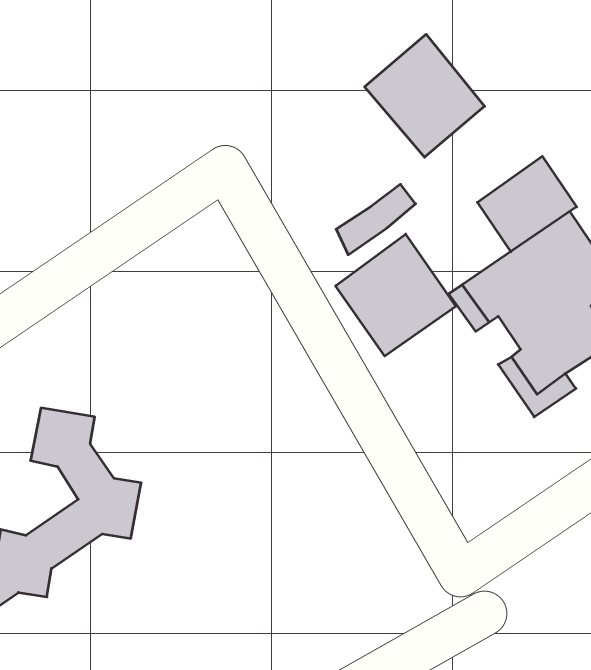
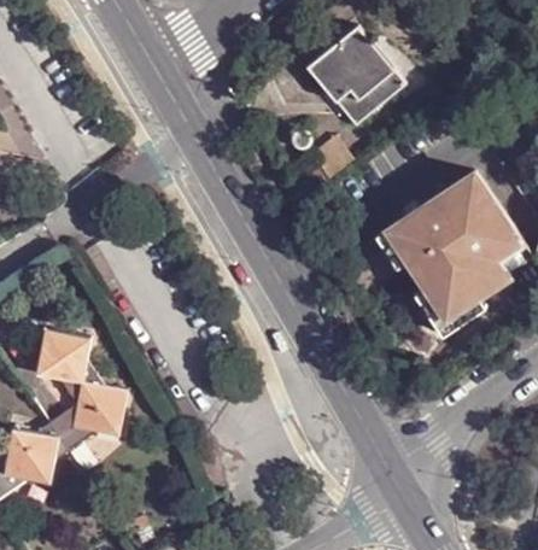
building: [477,156,577,252] -> none
building: [336,234,456,356] -> none

